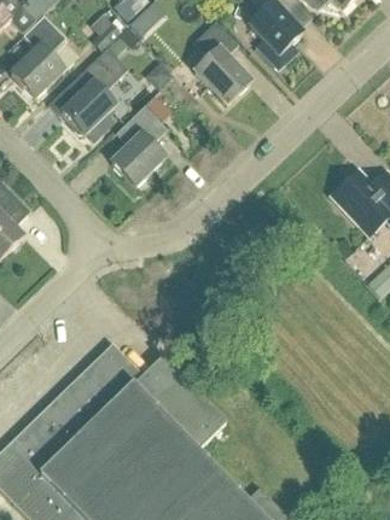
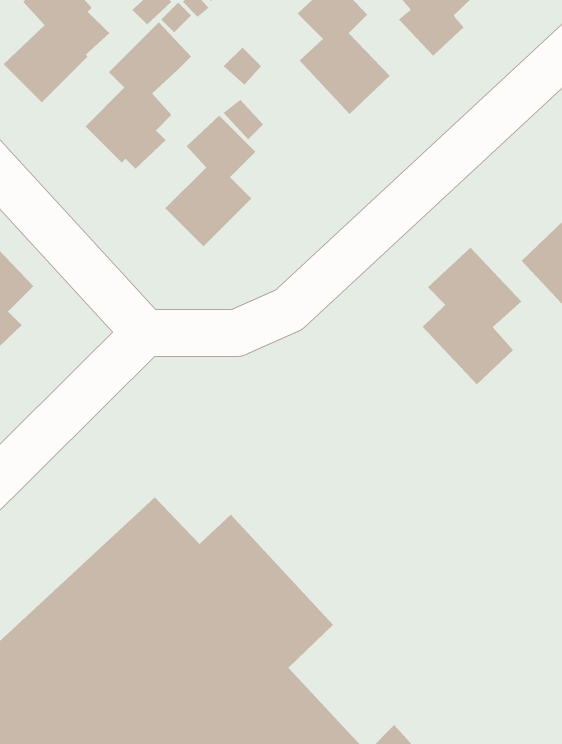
building: none -> [422,247,522,385]

